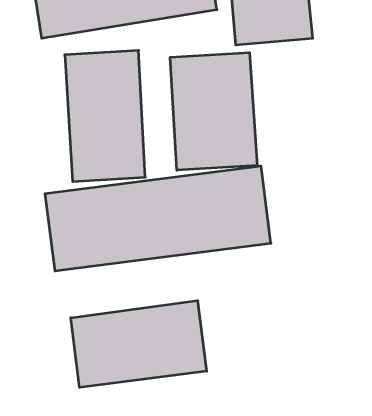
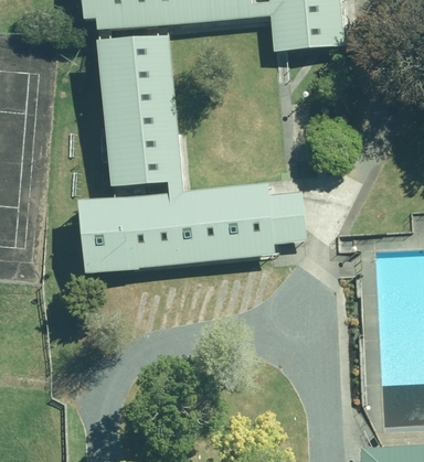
building: [170,53,257,170] -> none
building: [71,301,207,387] -> none

